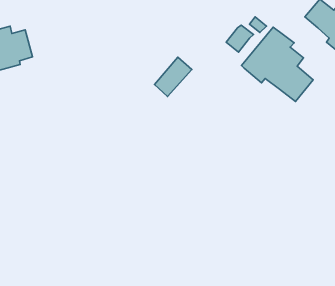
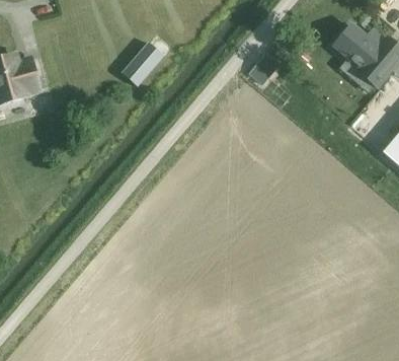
building: [241,27,313,102] -> none
building: [155,57,192,97] -> [124,42,164,84]

